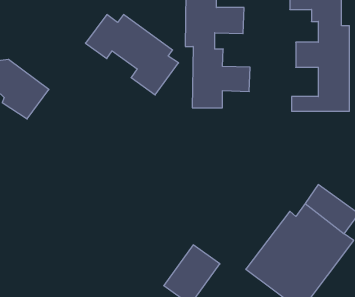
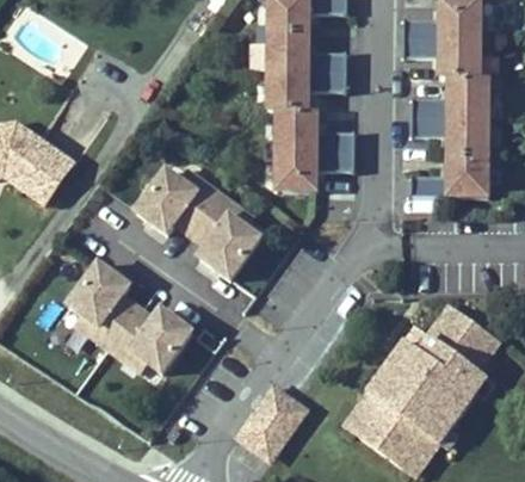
building: [85,15,179,95] -> [136,168,265,279]
building: none -> [66,261,192,373]

